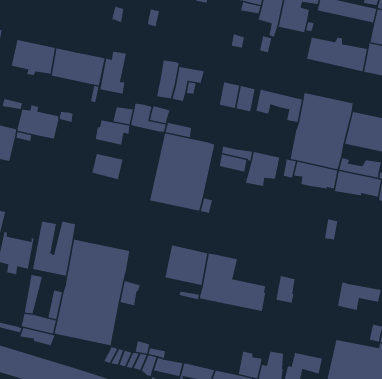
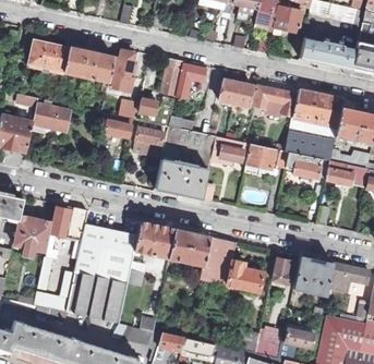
building: [91,153,123,180] -> [136,120,166,145]
building: none -> [134,221,176,259]
building: none -> [293,256,333,296]

